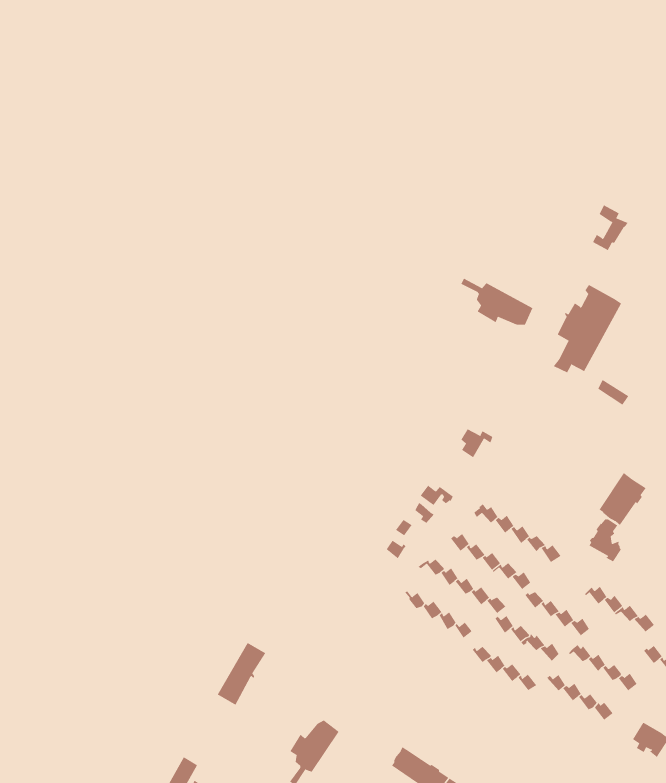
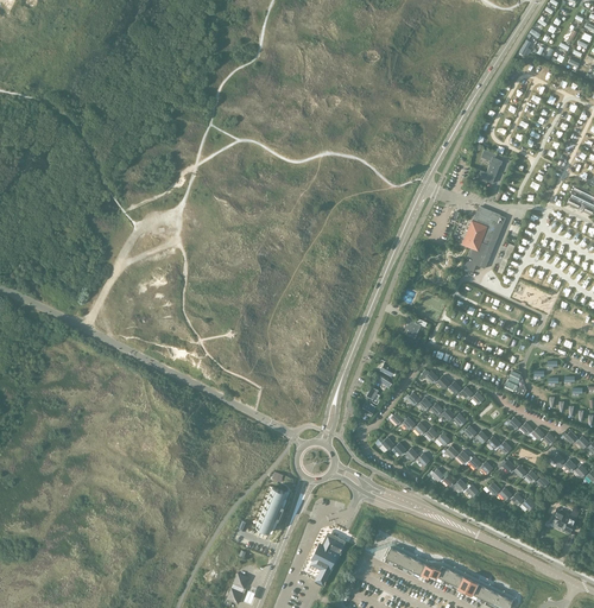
building: [460,278,533,326] -> none
building: [599,472,646,526] -> none

